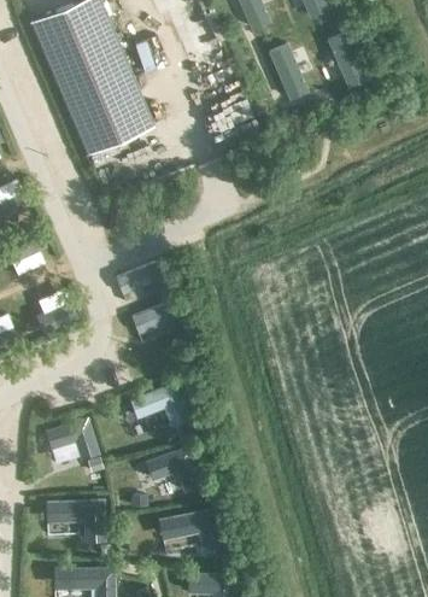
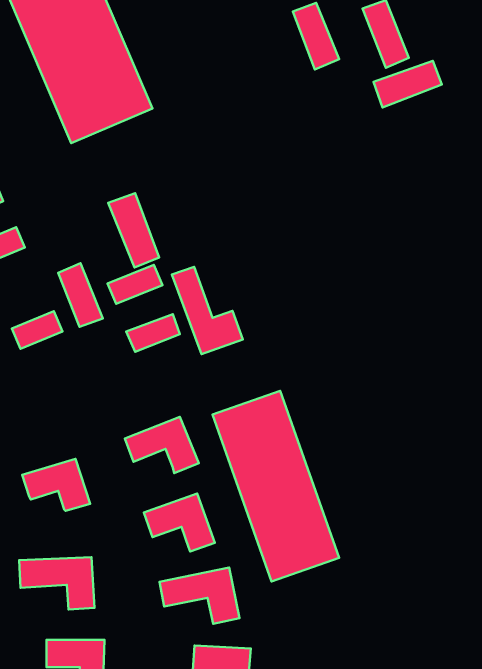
building: none -> [373,61,442,108]
building: none -> [108,193,159,267]
building: none -> [58,263,103,327]
building: none -> [172,267,243,354]
building: none -> [213,391,339,581]

